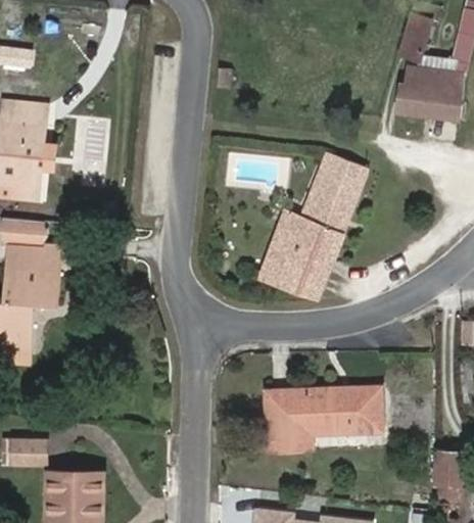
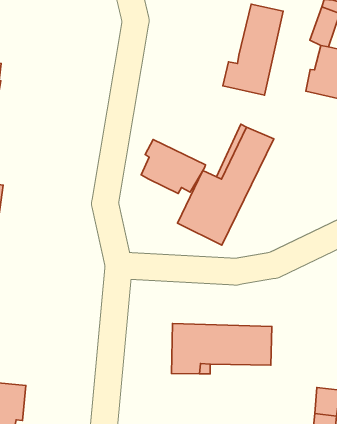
building: none -> [223,4,283,95]
building: none -> [141,139,205,193]

